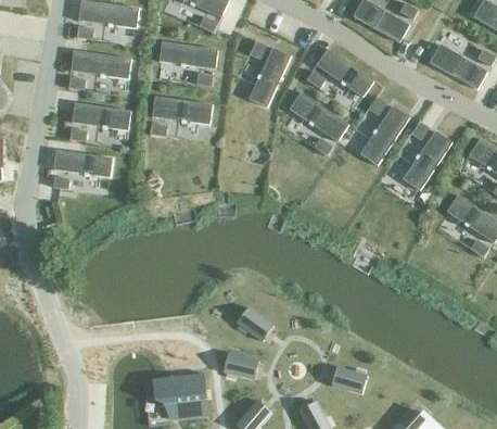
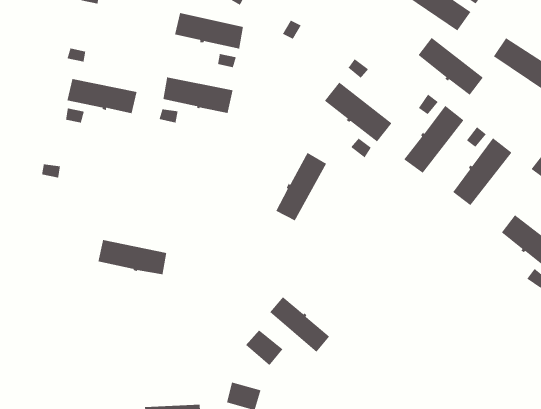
building: [248,47,290,106] -> [275,152,327,221]
building: [316,49,373,97] -> [417,37,484,96]
building: [71,50,130,79] -> none
building: [53,150,112,177] -> [97,239,167,275]
building: none -> [269,296,330,353]

